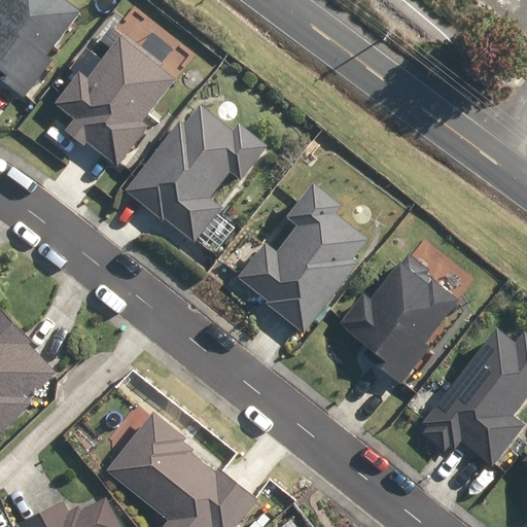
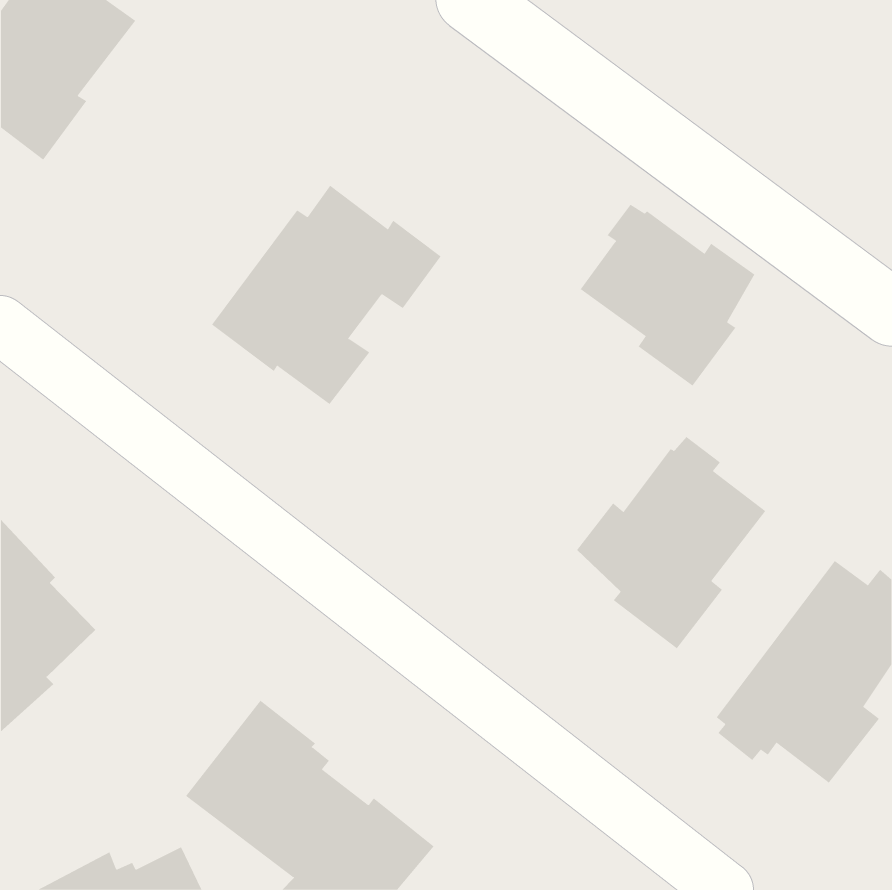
building: [57,37,176,165] -> none
building: none -> [580,204,755,387]
building: [240,186,362,333] -> none

